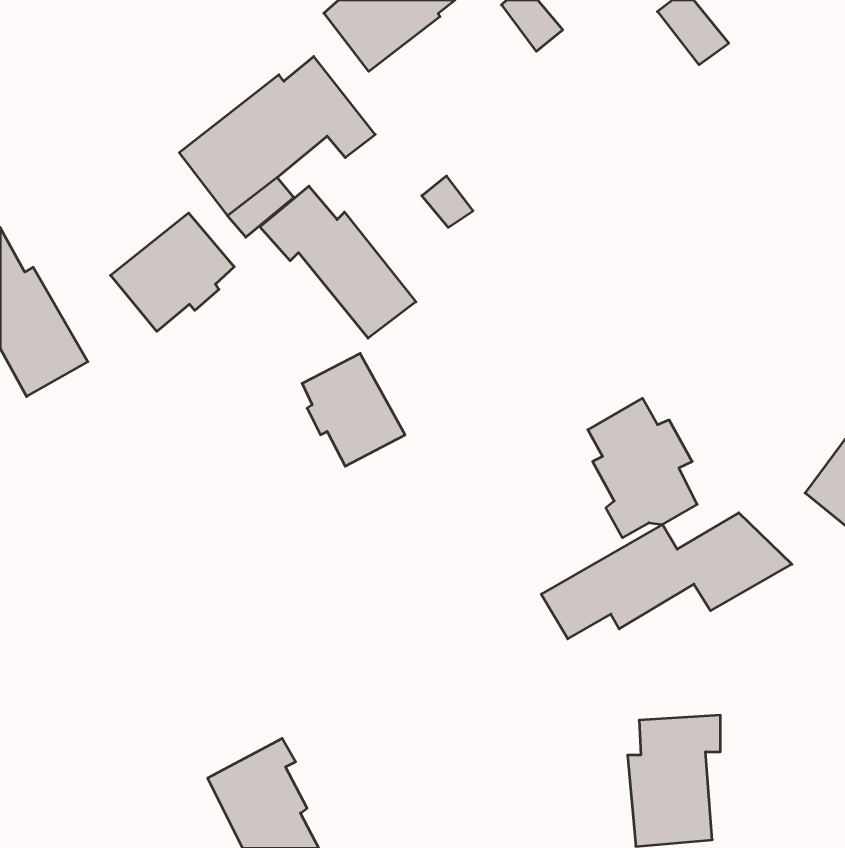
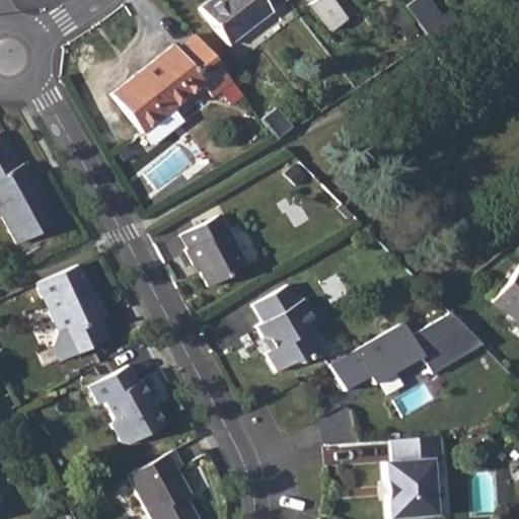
building: [260,186,416,338] -> none
building: [110,213,234,331] -> none
building: [588,398,697,538] -> [256,284,323,369]
building: none -> [38,264,108,360]
building: none -> [90,366,163,442]

